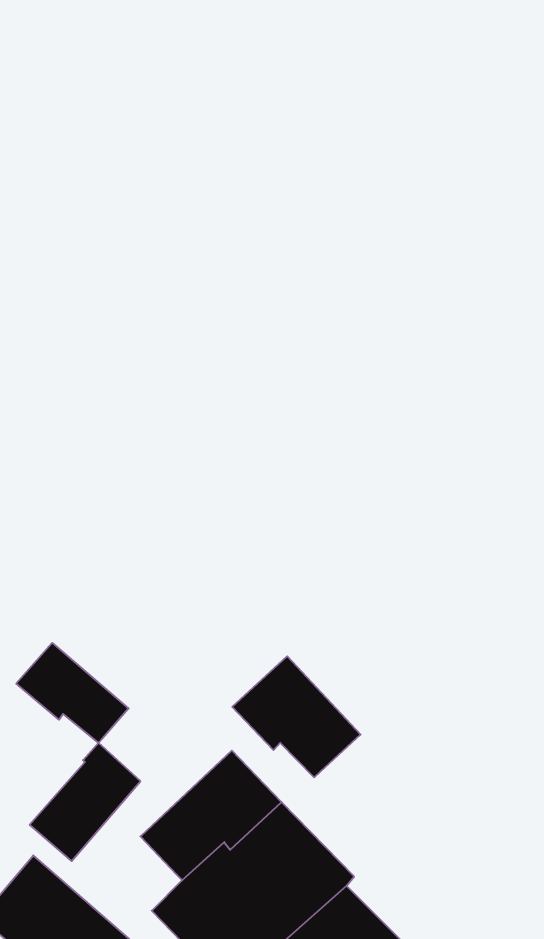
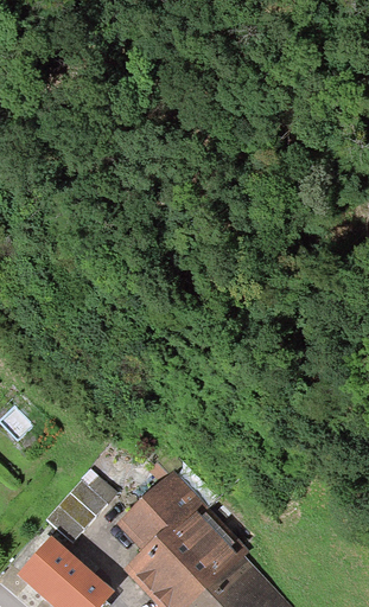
building: [16,643,129,743] -> none
building: [232,656,361,777] -> none

